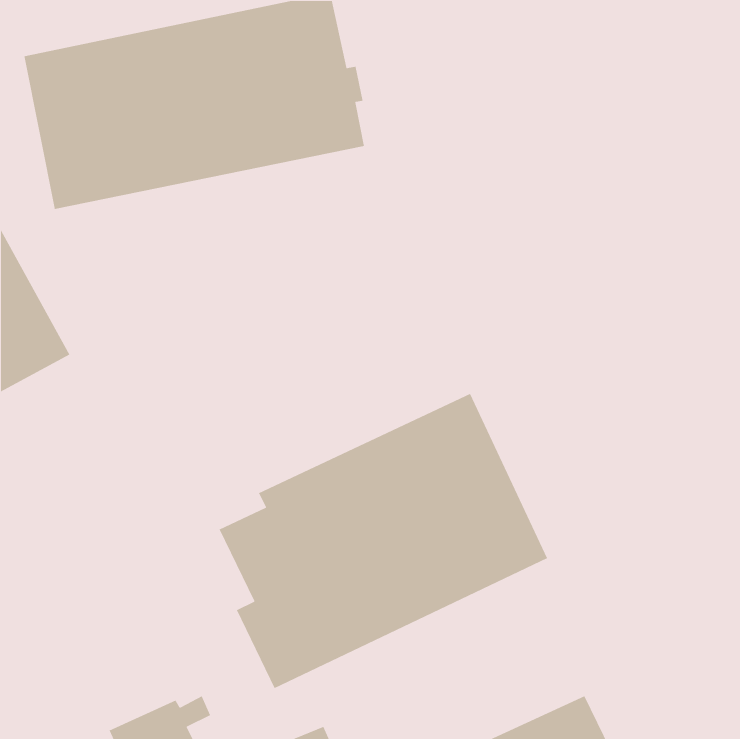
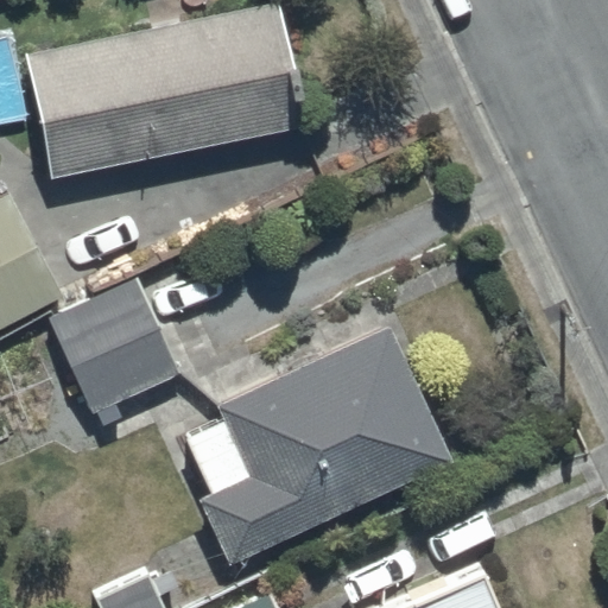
building: none -> [49,278,182,429]

